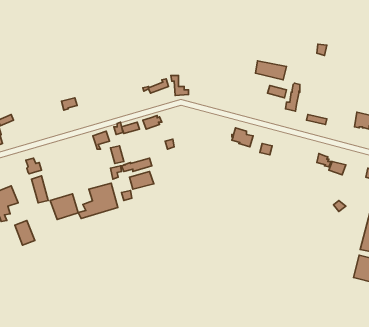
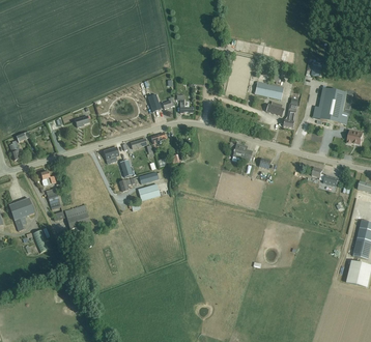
building: none -> [320,87,348,123]
building: [78,183,118,218] -> none

